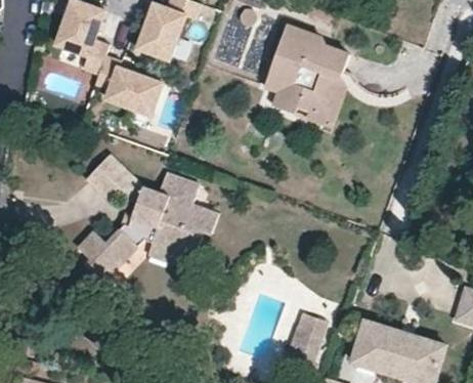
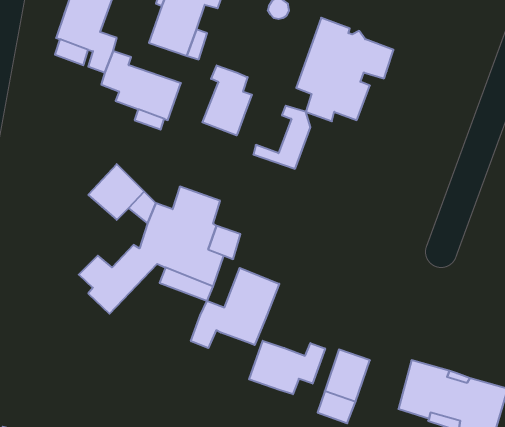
building: none -> [202,65,252,135]
building: [295,72,344,126] -> [253,106,310,169]
building: none -> [191,268,279,348]
building: none -> [249,341,325,394]

